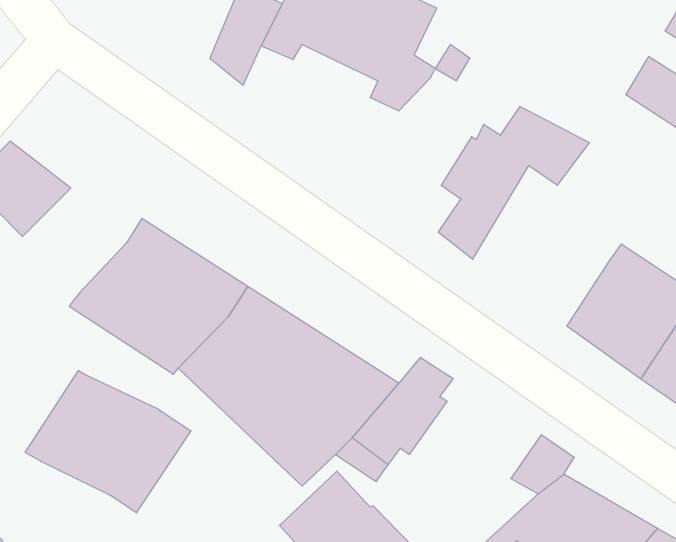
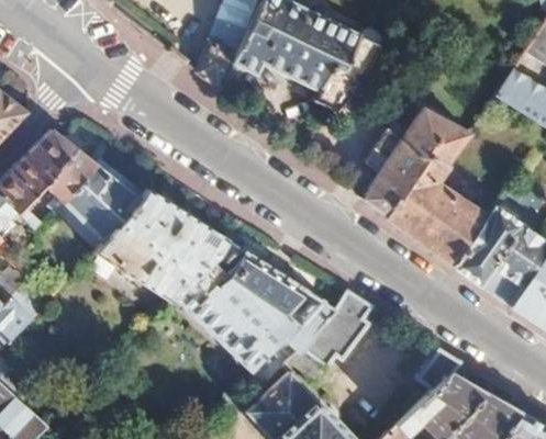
building: none -> [387,149,486,266]
building: none -> [59,160,143,241]
building: [25,371,191,513] -> none

